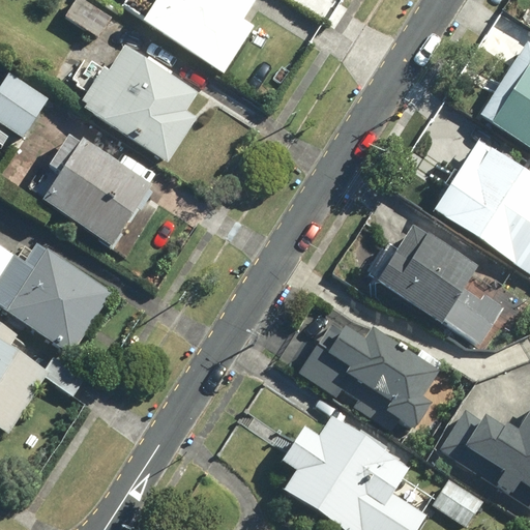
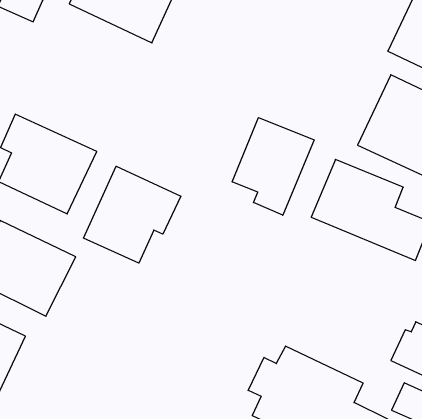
building: [72,43,198,163] -> none
building: none -> [232,118,314,215]
building: none -> [84,166,181,263]
building: [300,327,439,428] -> none

